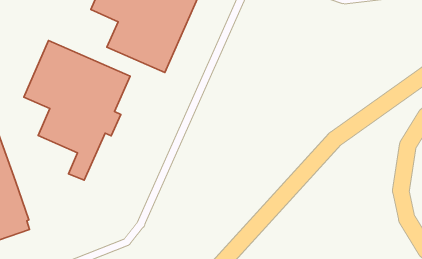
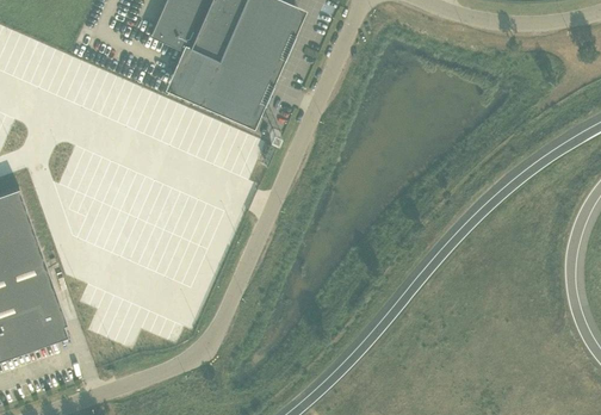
building: [24,41,130,180] -> none

